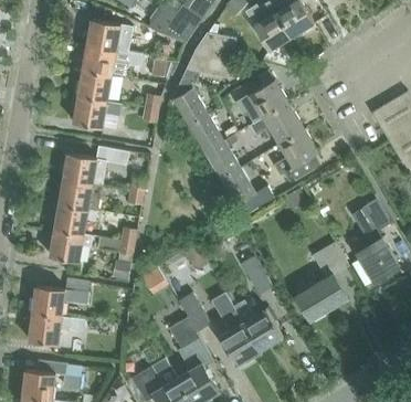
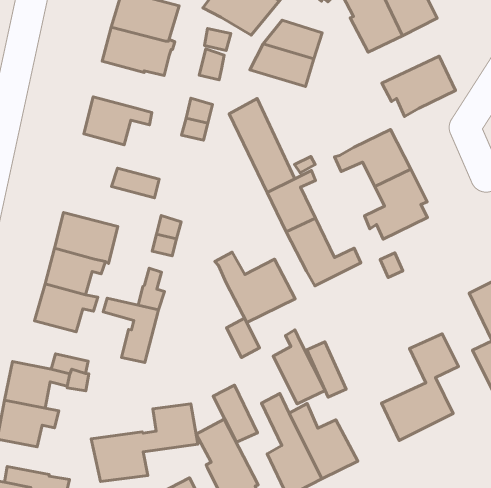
building: [77,71,112,102] -> none
building: [235,80,287,124] -> [382,56,455,117]
building: [63,154,106,186] -> none
building: none -> [215,252,295,322]
building: none -> [273,330,325,404]
building: none -> [91,404,198,482]

